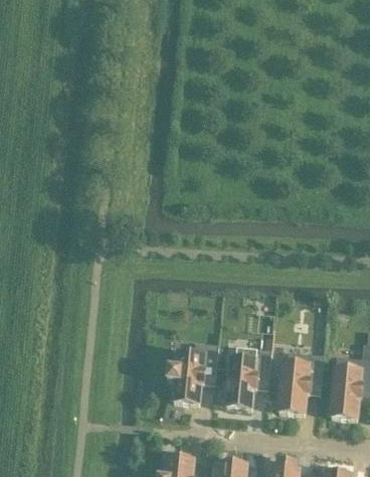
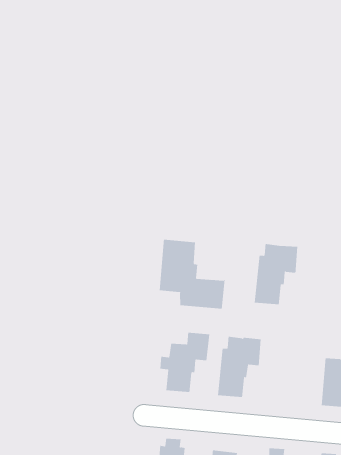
building: none -> [159,239,225,309]
building: [278,352,323,415] -> [254,243,298,305]

